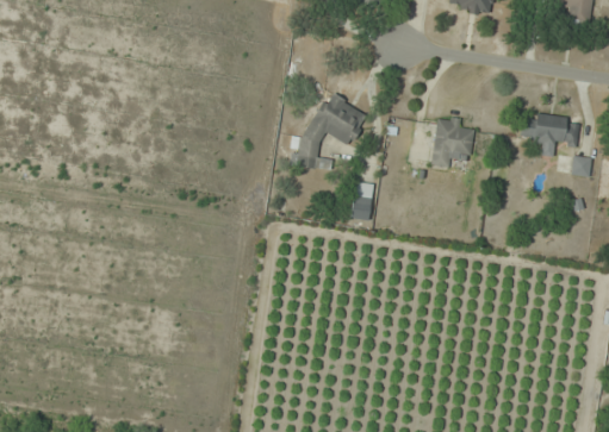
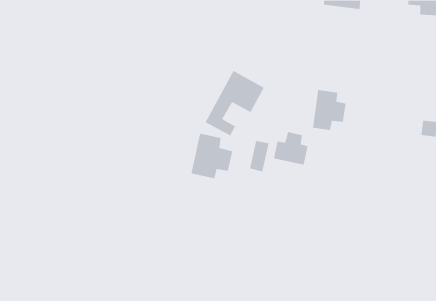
building: [518,112,579,157] -> none
building: none -> [273,131,309,166]
building: none -> [191,133,233,179]

